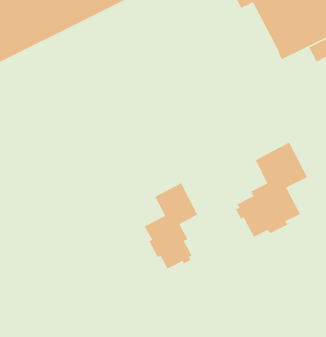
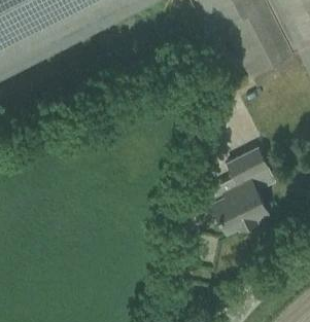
building: [144,182,198,269] -> none

